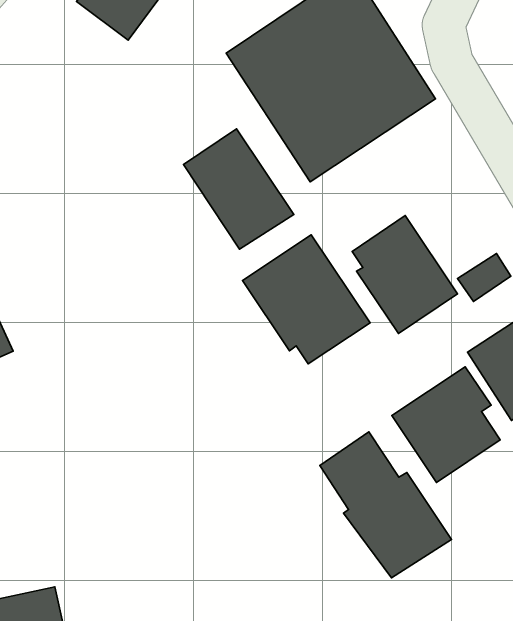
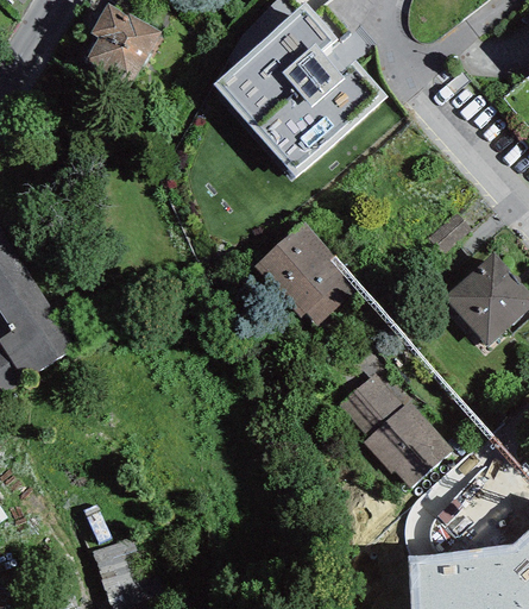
building: [184,129,294,249] -> none
building: [352,216,458,334] -> none
building: [392,367,500,483] -> none

